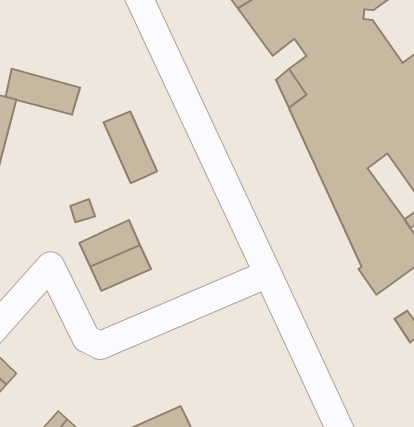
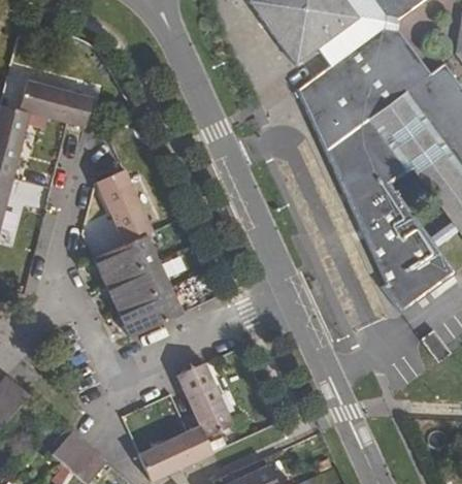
building: [103,111,157,183] -> [98,170,154,245]
building: none -> [118,286,182,335]
building: none -> [177,363,232,439]

